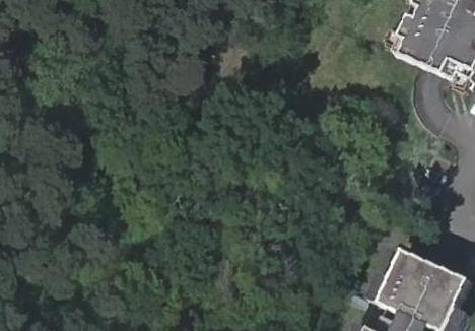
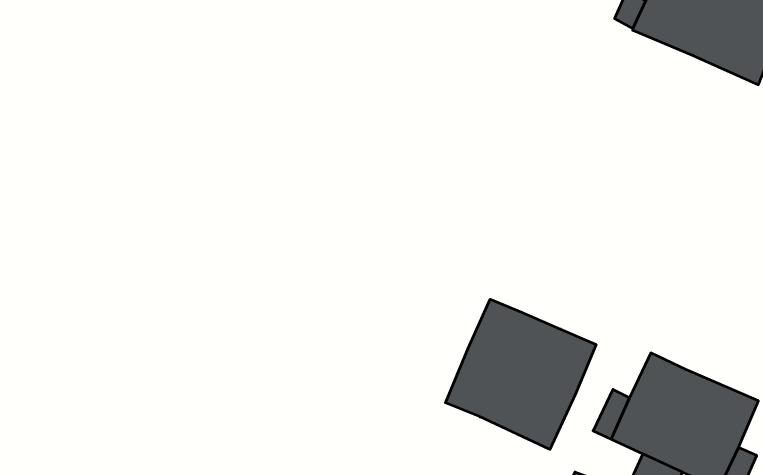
building: none -> [445,299,596,449]

